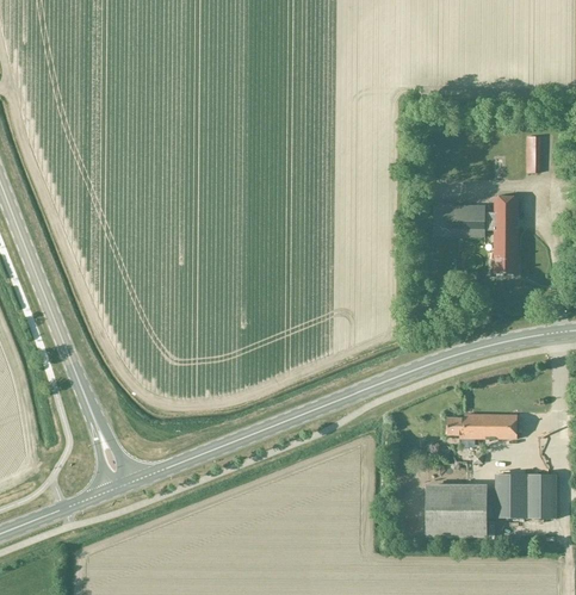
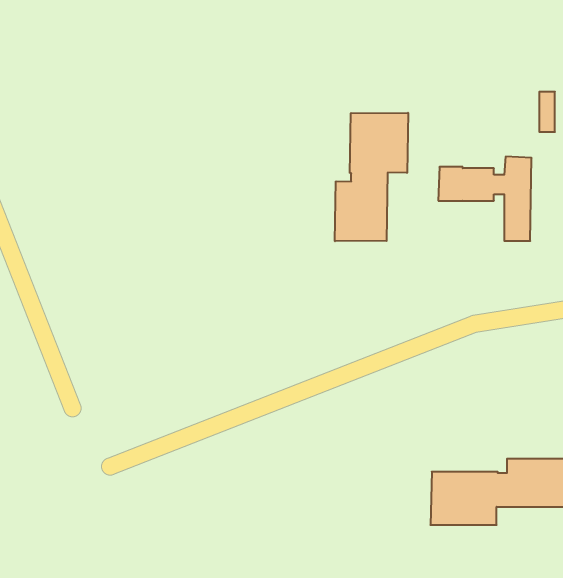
building: none -> [335,113,408,241]
building: [447,414,518,439] -> none

